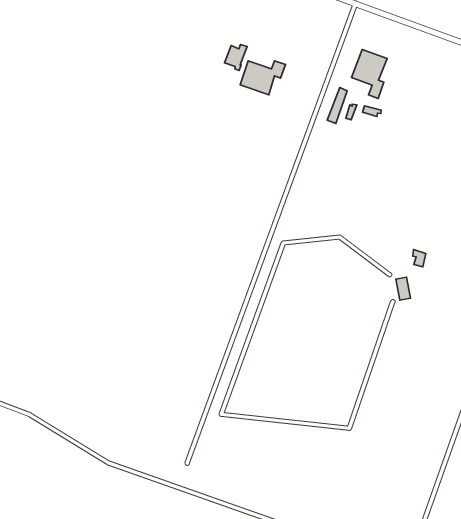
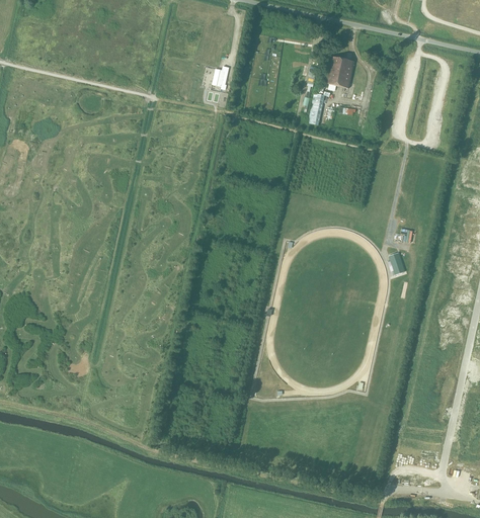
building: [240,61,286,95] -> none

